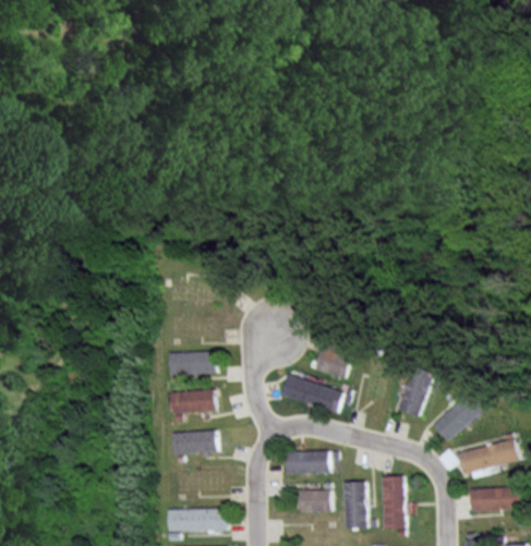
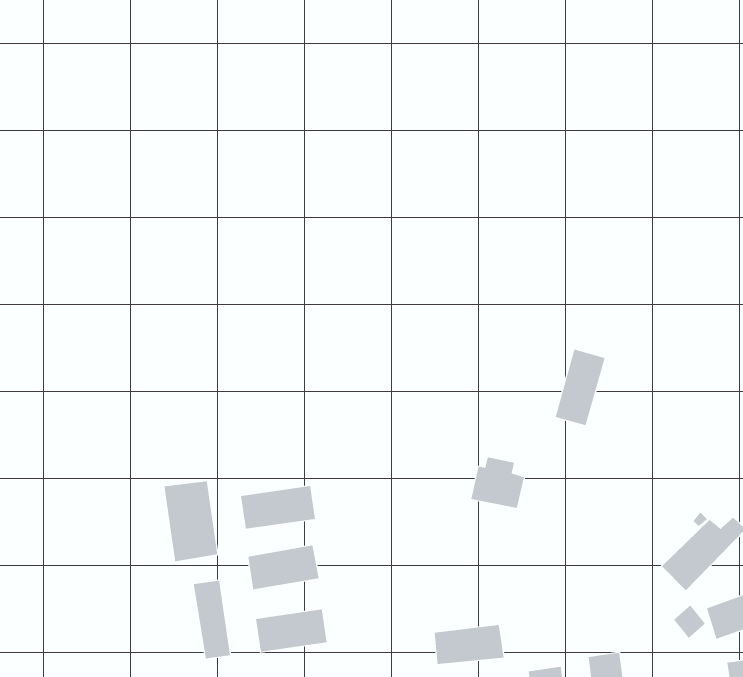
building: none -> [164,481,218,562]
building: [399,366,435,416] -> [555,349,605,426]
building: [281,374,343,413] -> none
building: none -> [193,580,231,659]

